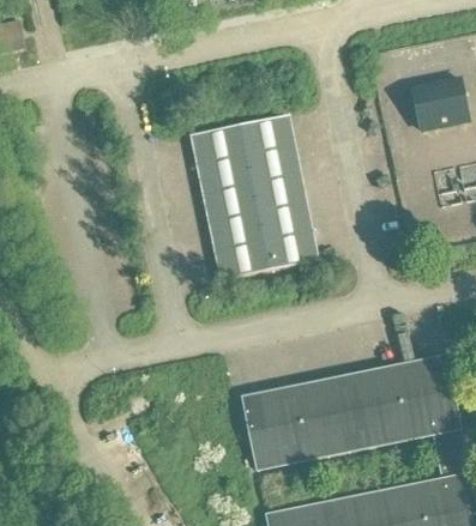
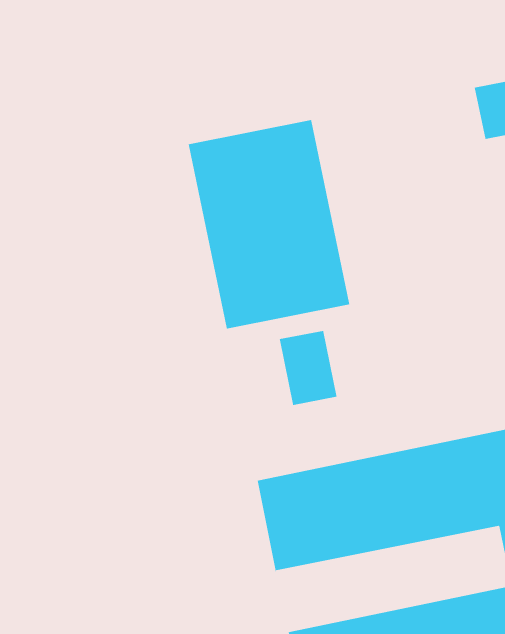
building: none -> [279,330,337,406]

